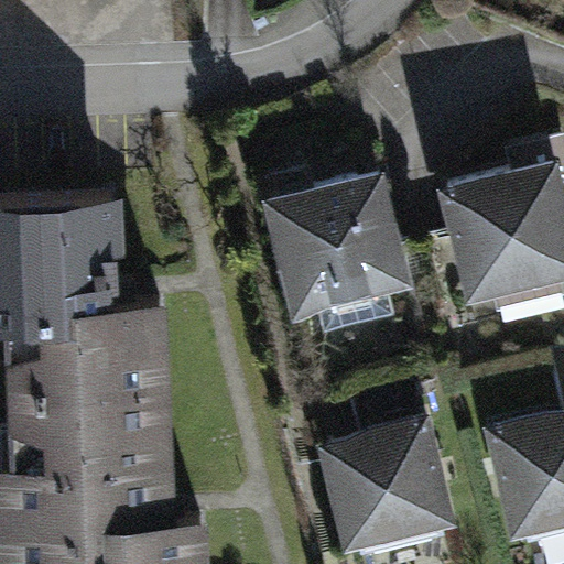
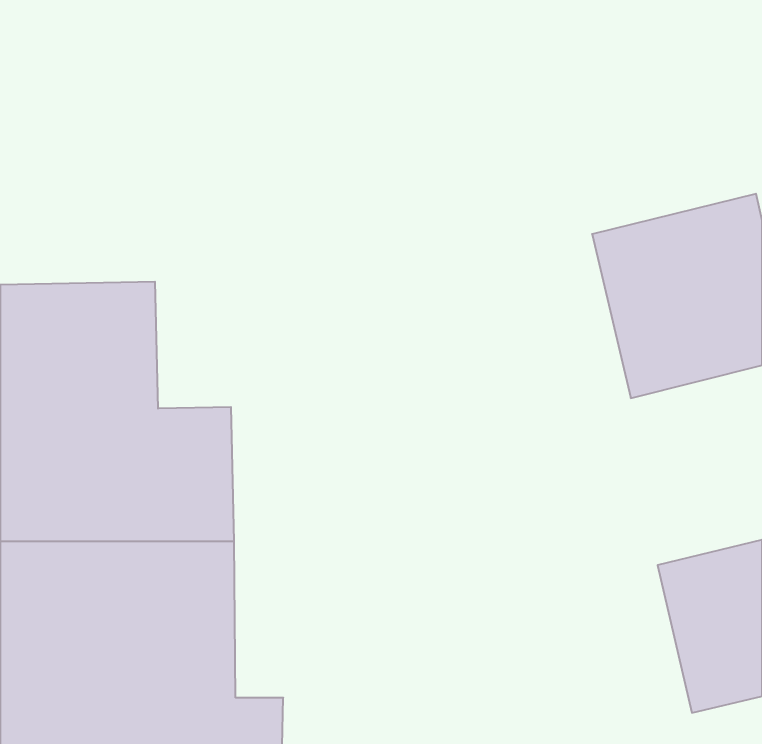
building: [262,167,413,318] -> none
building: [319,419,457,554] -> none

